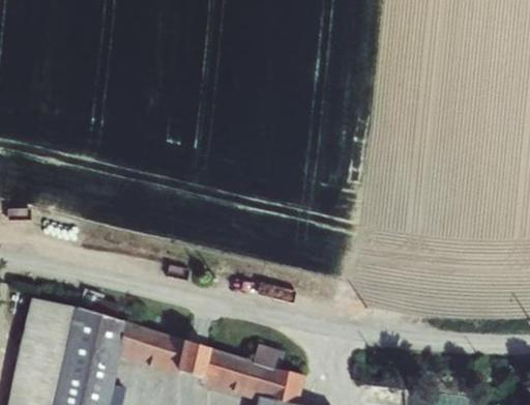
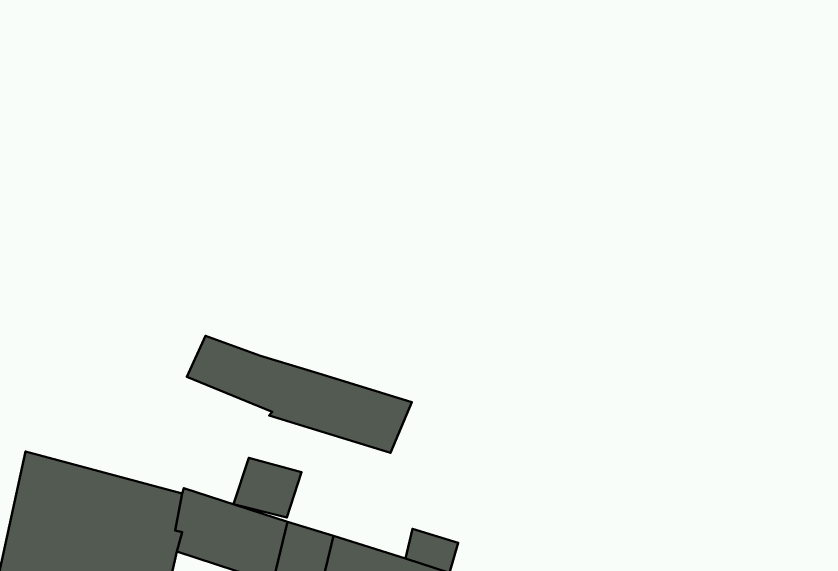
building: none -> [187,336,412,453]
building: none -> [233,458,302,518]

